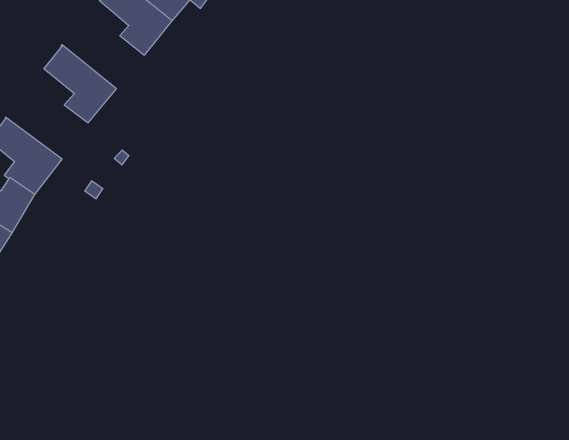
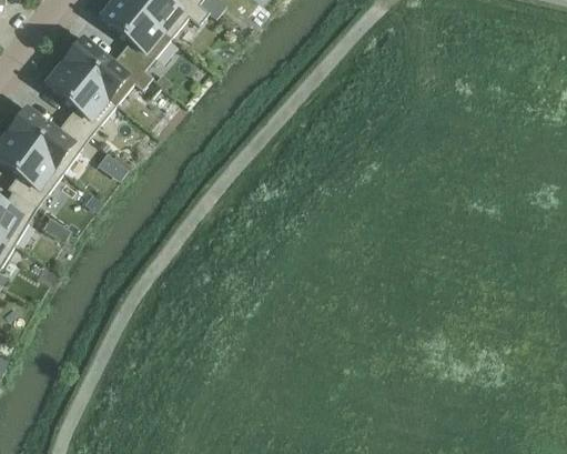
building: none -> [62,37,151,102]
building: none -> [7,107,88,171]

